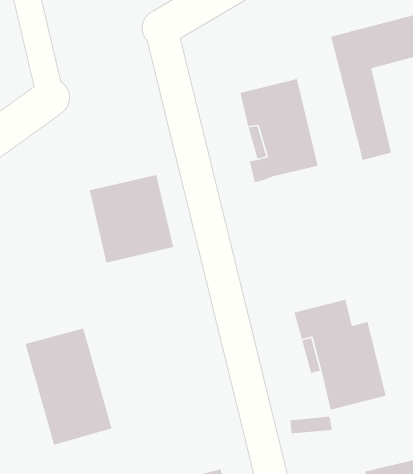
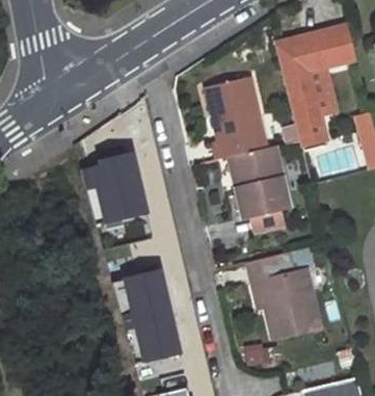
building: none -> [232,147,287,234]
building: [25,328,113,446] -> [116,269,186,363]

